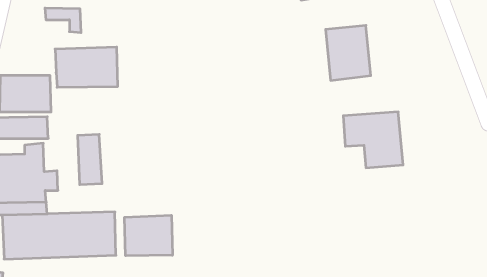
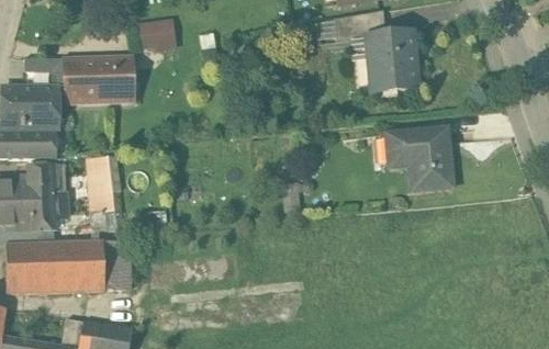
building: [45,8,81,33] -> [23,57,64,85]
building: none -> [139,18,178,48]
building: [125,215,172,256] -> none

